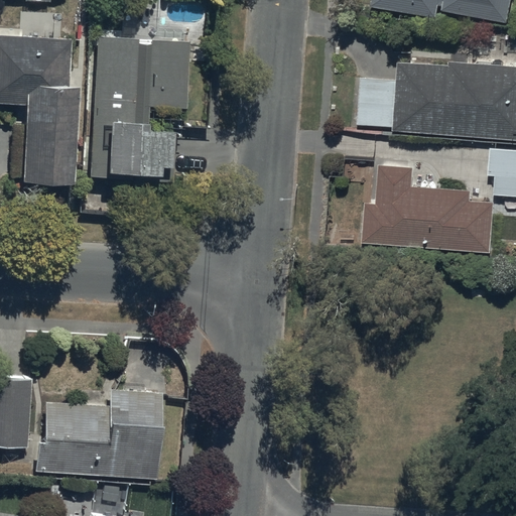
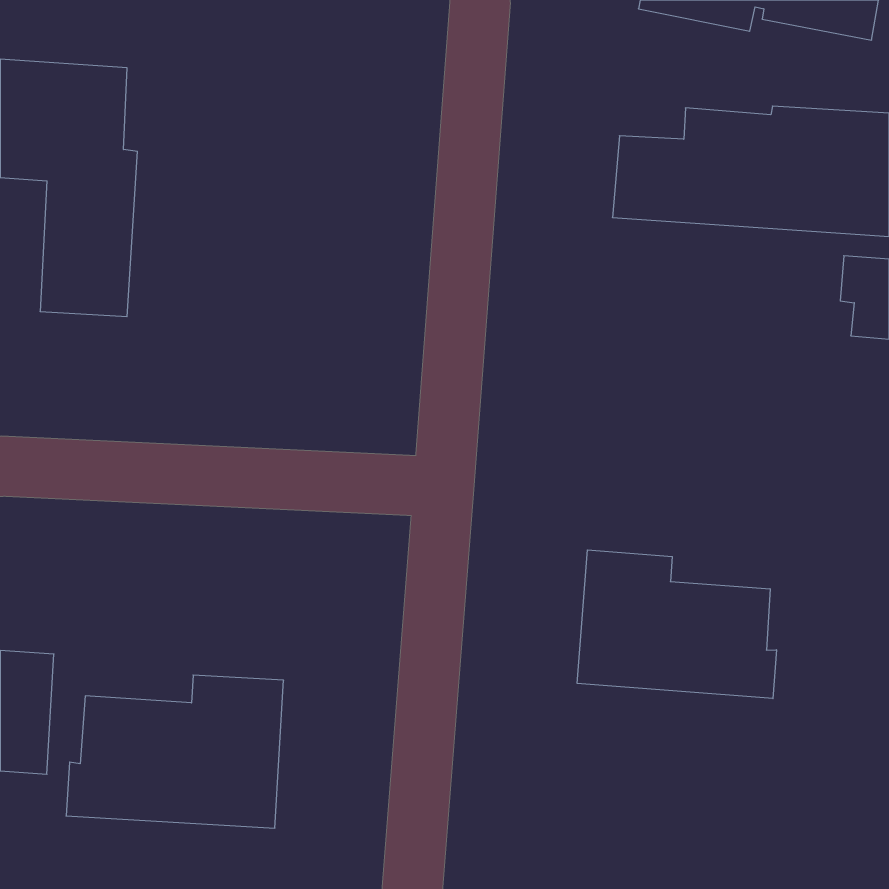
building: [92,38,191,181] -> none
building: [359,165,492,252] -> none
building: none -> [577,550,776,699]

